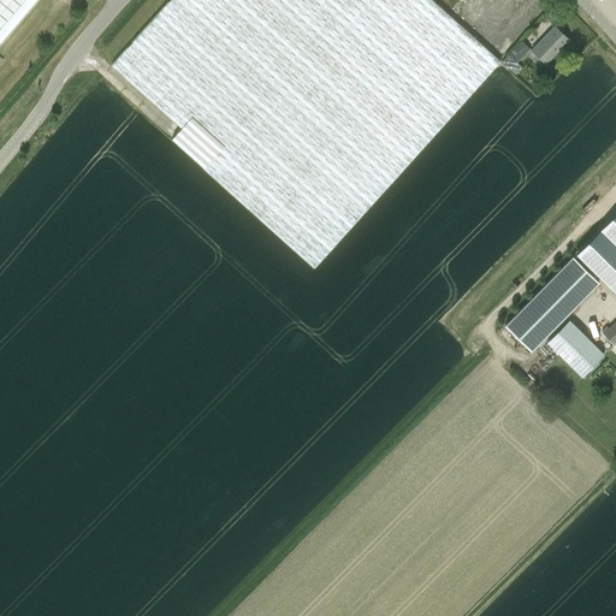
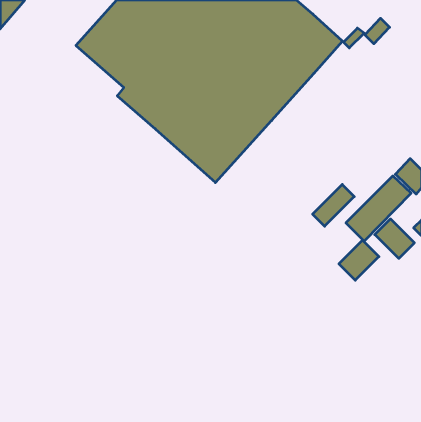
building: none -> [313,184,354,226]
building: none -> [339,240,379,280]

